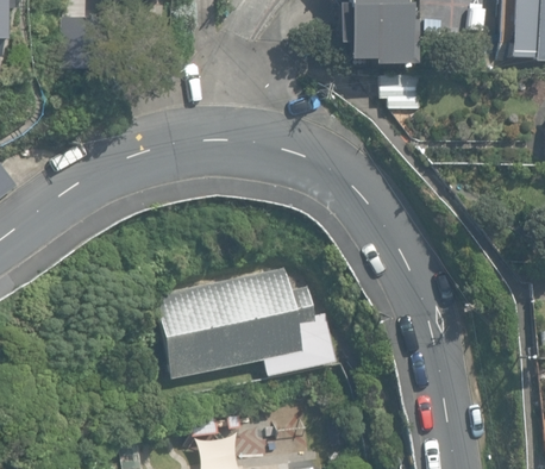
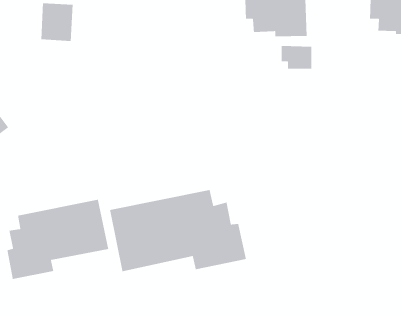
building: none -> [7,199,109,280]

